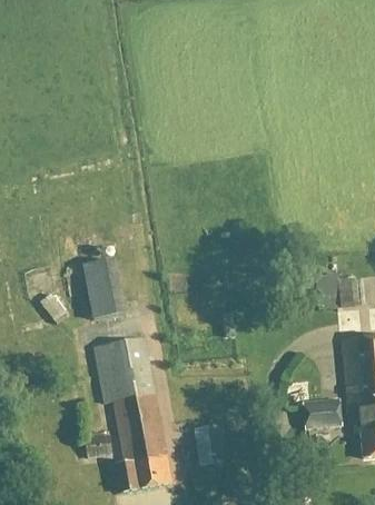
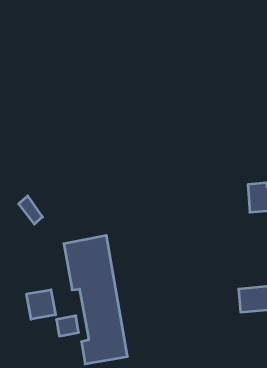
building: [82,258,126,318] -> none
building: none -> [27,290,56,319]
building: [195,425,225,464] -> none

